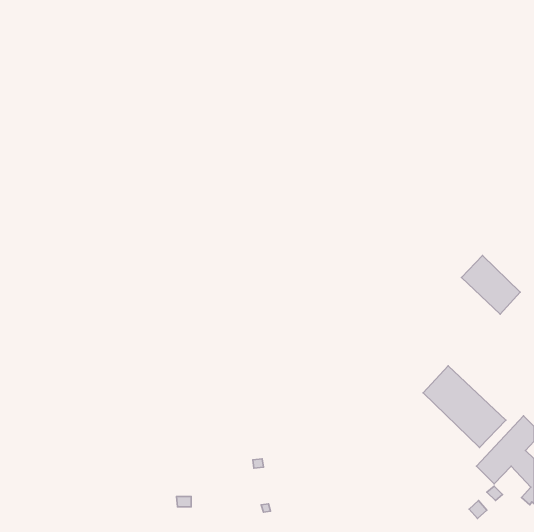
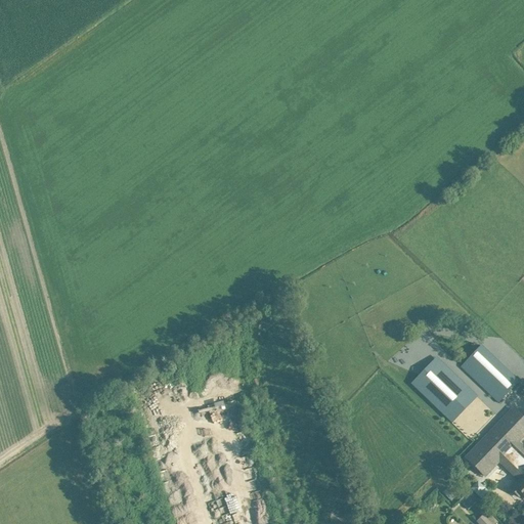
building: [462,256,520,314] -> [461,344,518,401]

